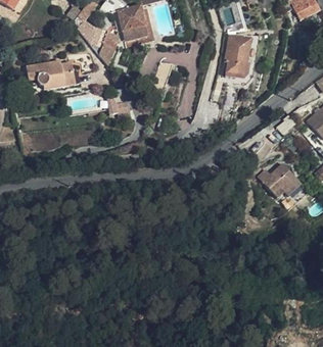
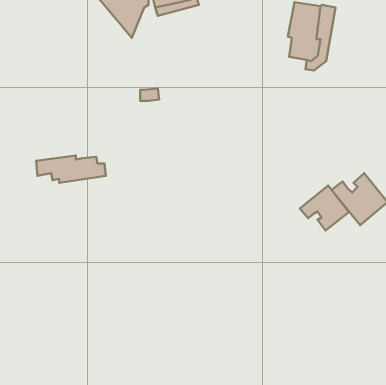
building: [31,58,83,79] -> [36,155,106,183]
building: none -> [300,186,349,231]

